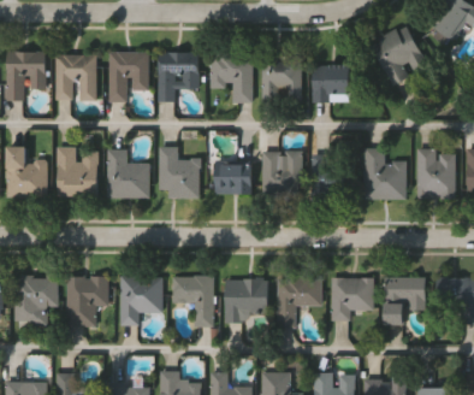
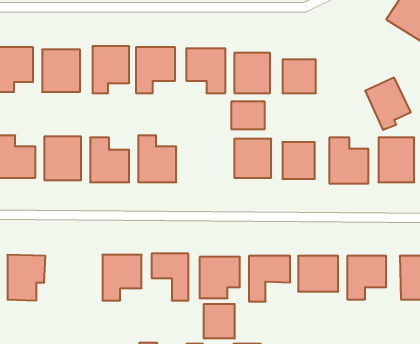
building: [375,25,425,82] -> [365,78,411,130]
building: [215,163,251,193] -> [231,101,265,129]
building: [67,276,108,326] -> none
building: none -> [204,304,235,339]

